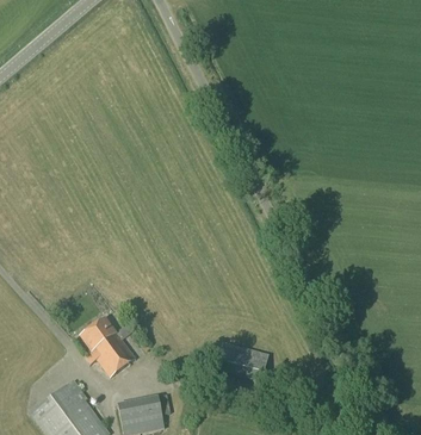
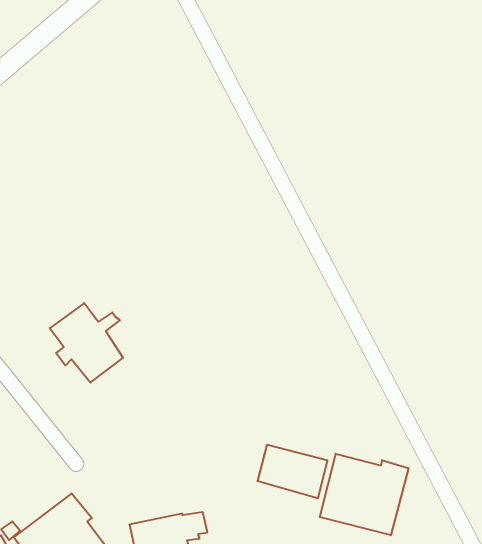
building: [79,316,135,377] -> [50,303,123,383]
building: none -> [320,454,408,535]

